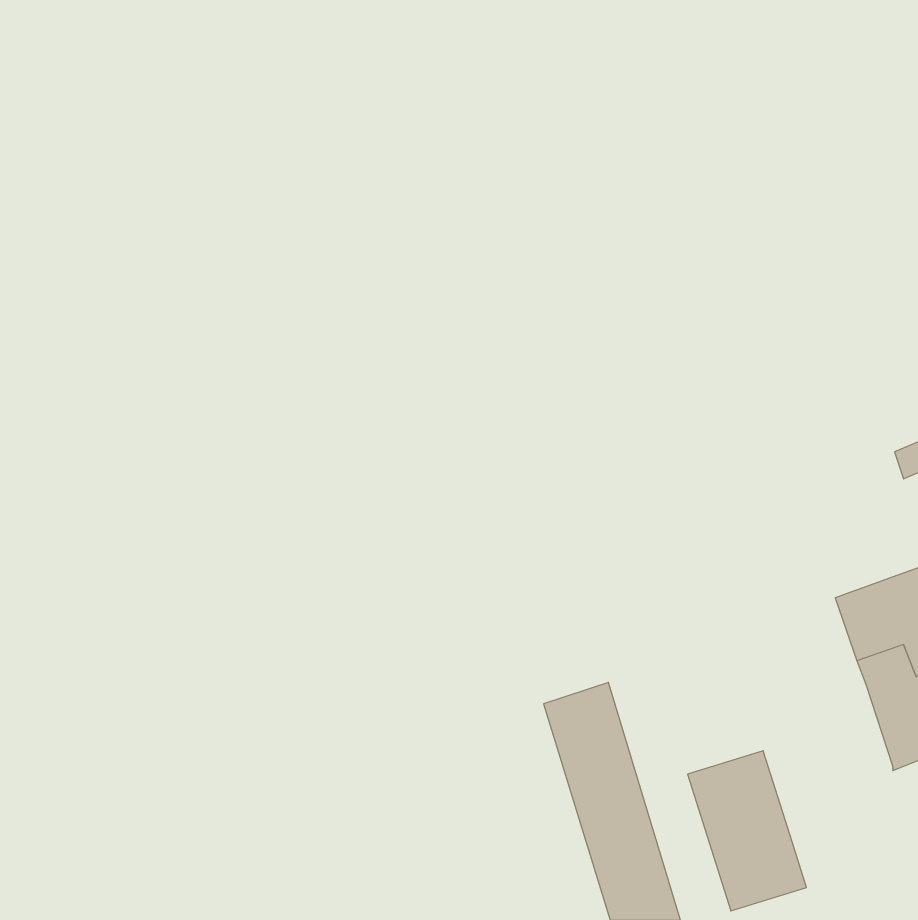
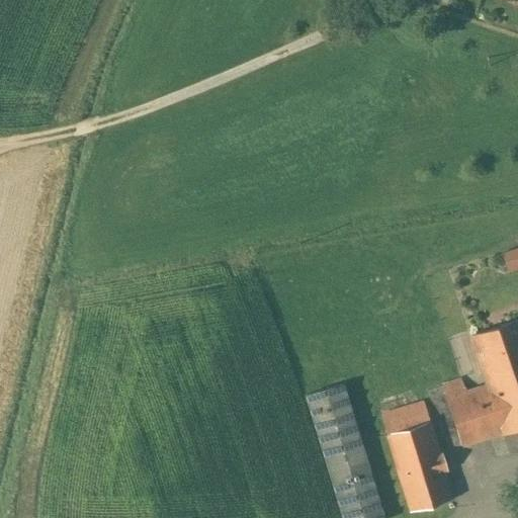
building: none -> [442,379,503,445]
building: none -> [381,403,430,435]

